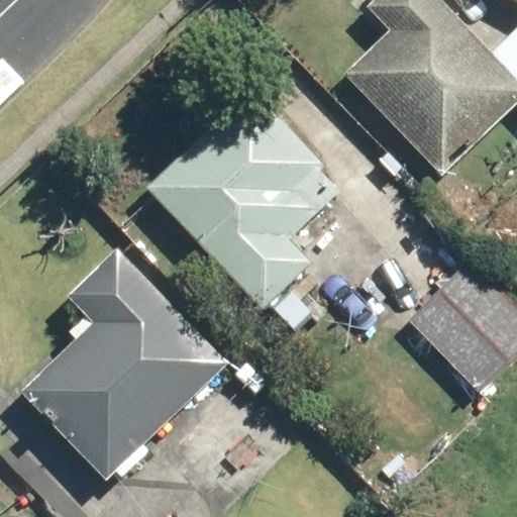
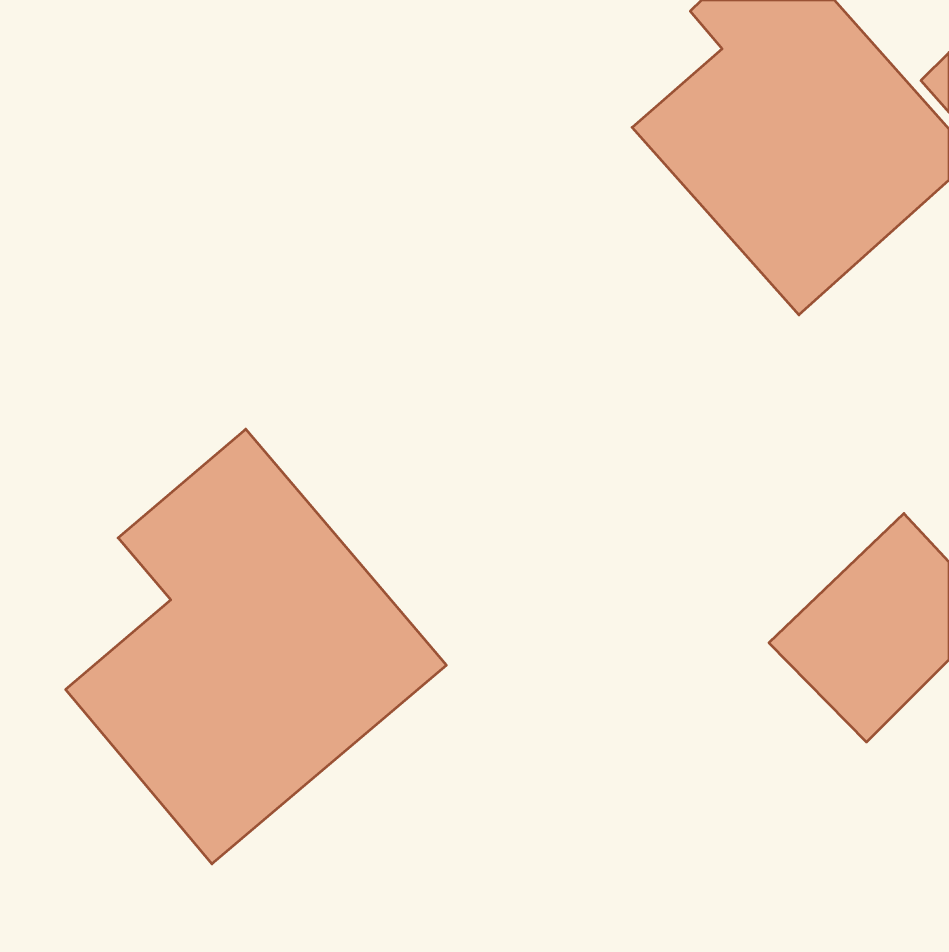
building: [153,102,340,309] -> none

